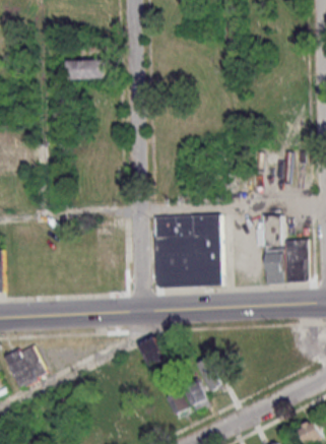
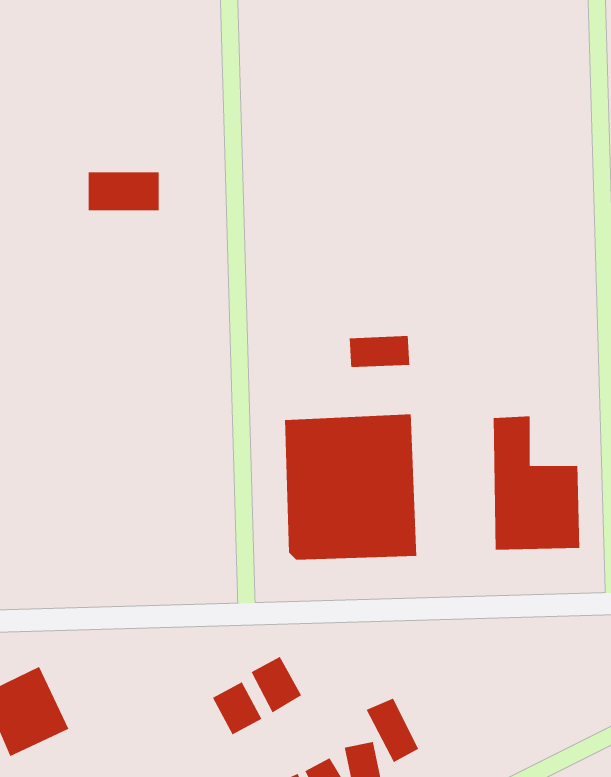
building: [66,59,103,79] -> [88,172,159,211]
building: none -> [349,335,410,368]
building: none -> [212,681,262,735]

